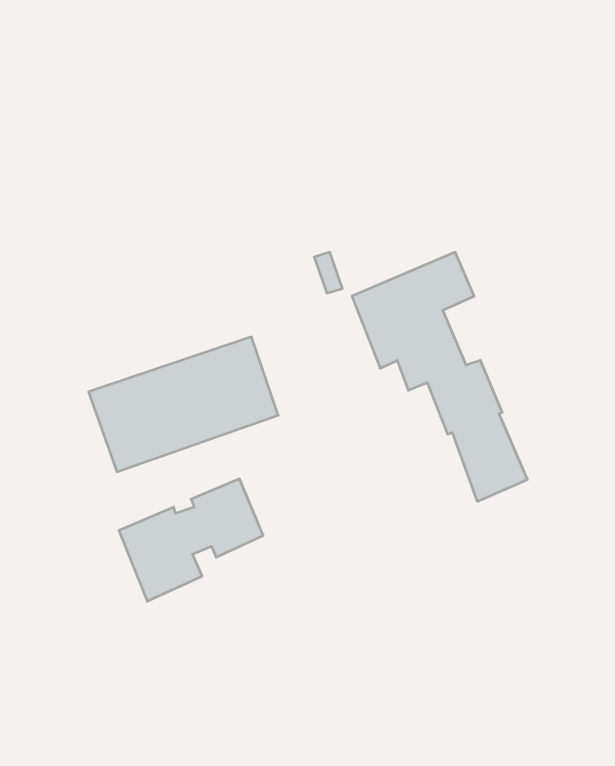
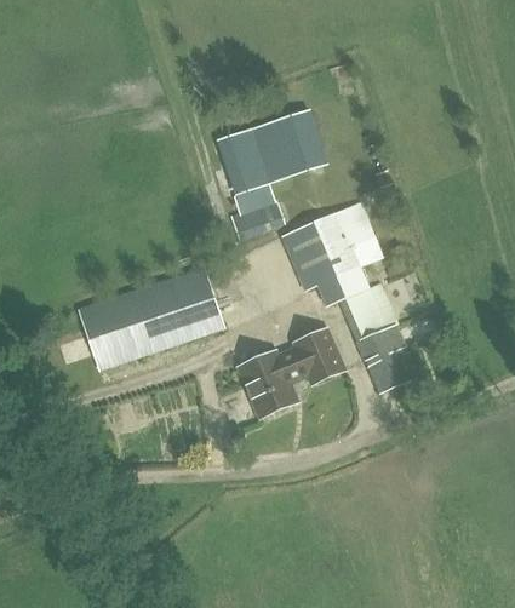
building: none -> [223,108,334,194]
building: [119,479,263,601] -> [234,326,345,420]

